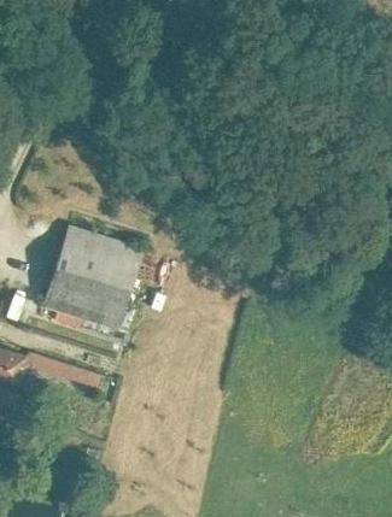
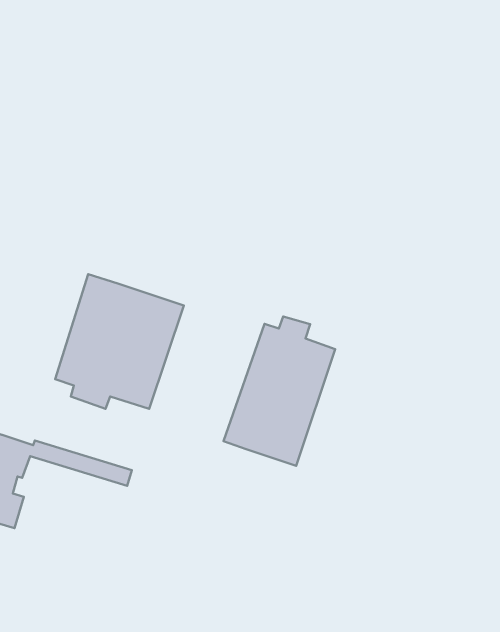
building: none -> [224,316,335,466]

